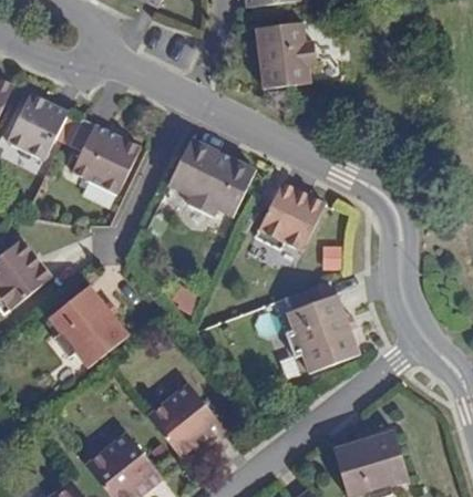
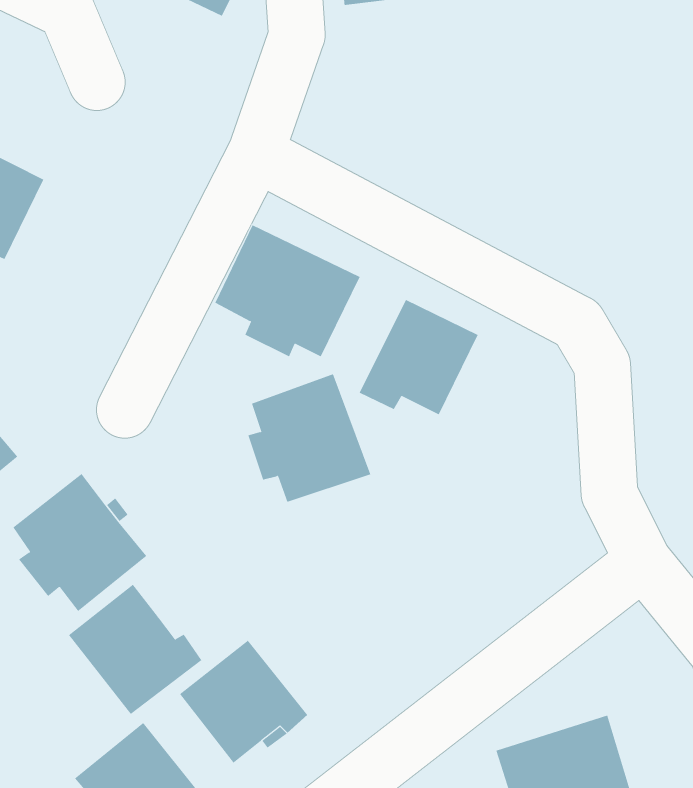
building: [255,21,316,89] -> none
building: [68,116,140,193] -> none
building: [285,293,358,370] -> [248,373,371,503]
building: none -> [68,584,202,715]

